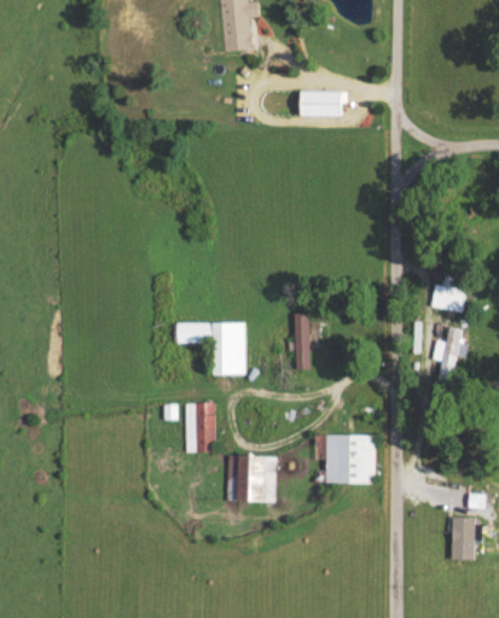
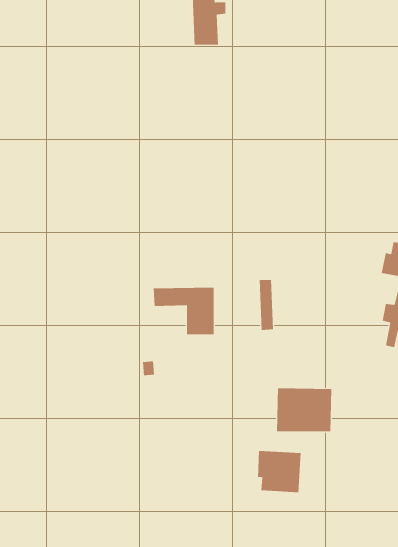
building: [302,91,343,116] -> none
building: [185,403,215,451] -> none
building: [227,454,277,501] -> [257,451,301,493]

